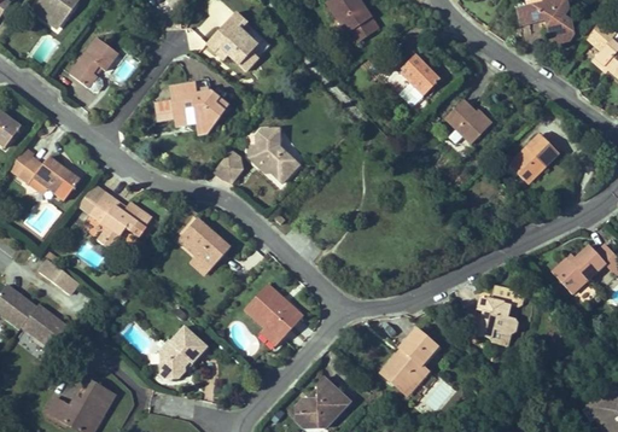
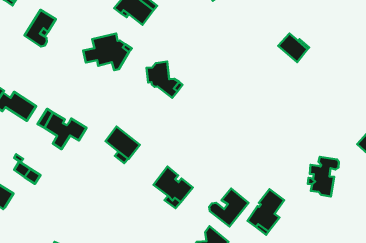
building: [392,54,439,101] -> none
building: [508,134,558,183] -> none
building: [214,148,243,182] -> none
building: [22,304,68,349] -> none
building: none -> [209,188,249,226]
building: [159,326,206,378] -> none

